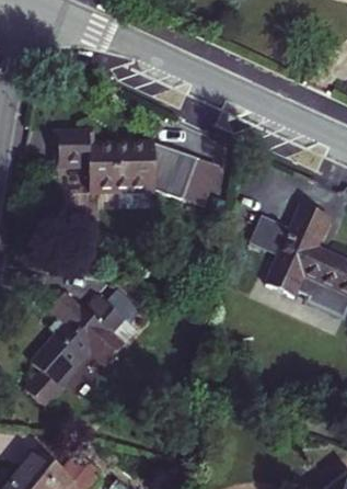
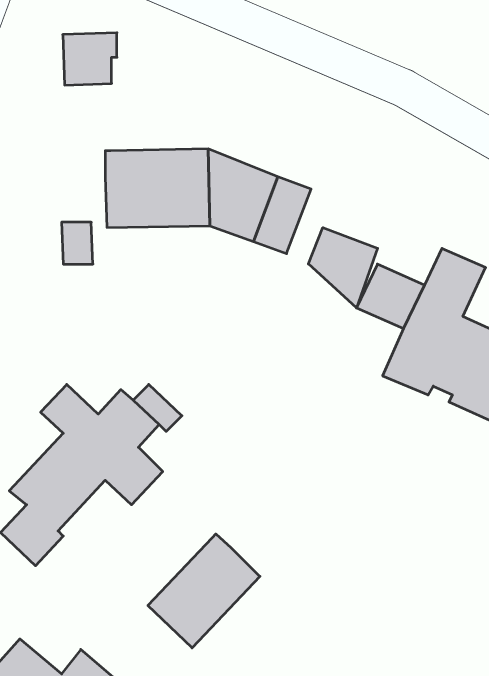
building: [61,127,95,160] -> [63,33,117,85]
building: none -> [308,228,378,308]
building: none -> [148,534,260,648]

